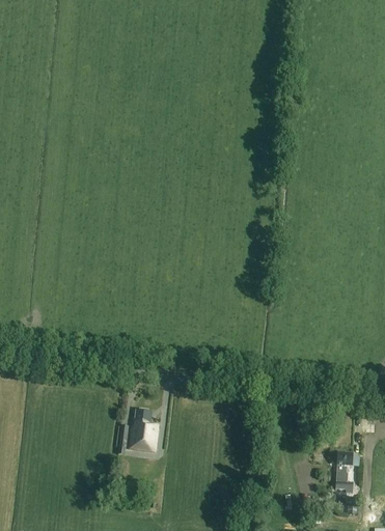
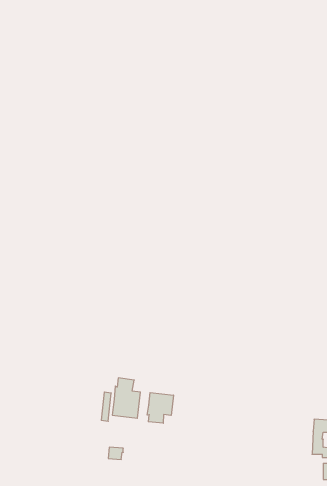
building: none -> [147,393,173,423]

